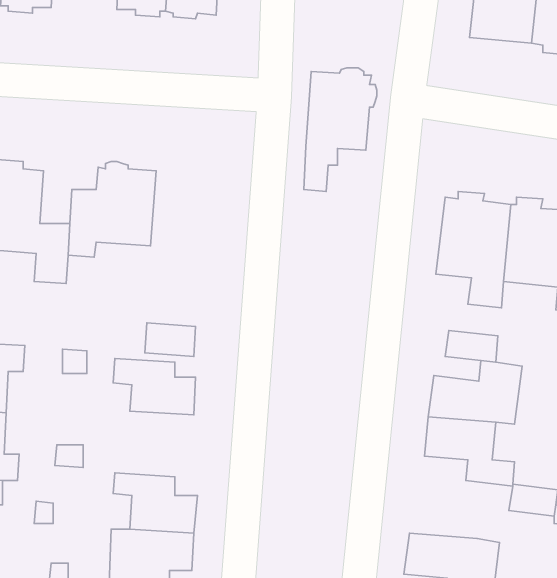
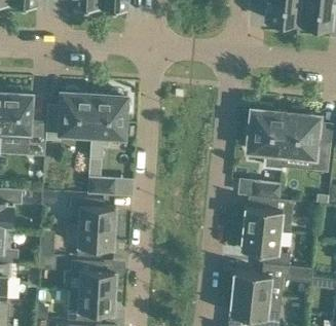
building: [304,68,377,192] -> [89,93,129,160]
building: none -> [77,226,114,258]
building: none -> [229,271,271,296]

